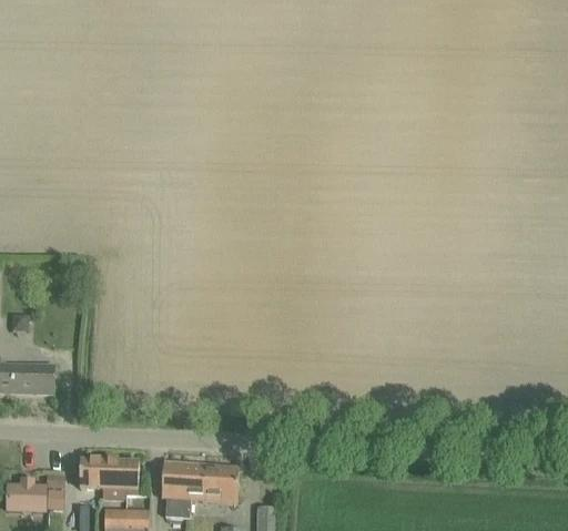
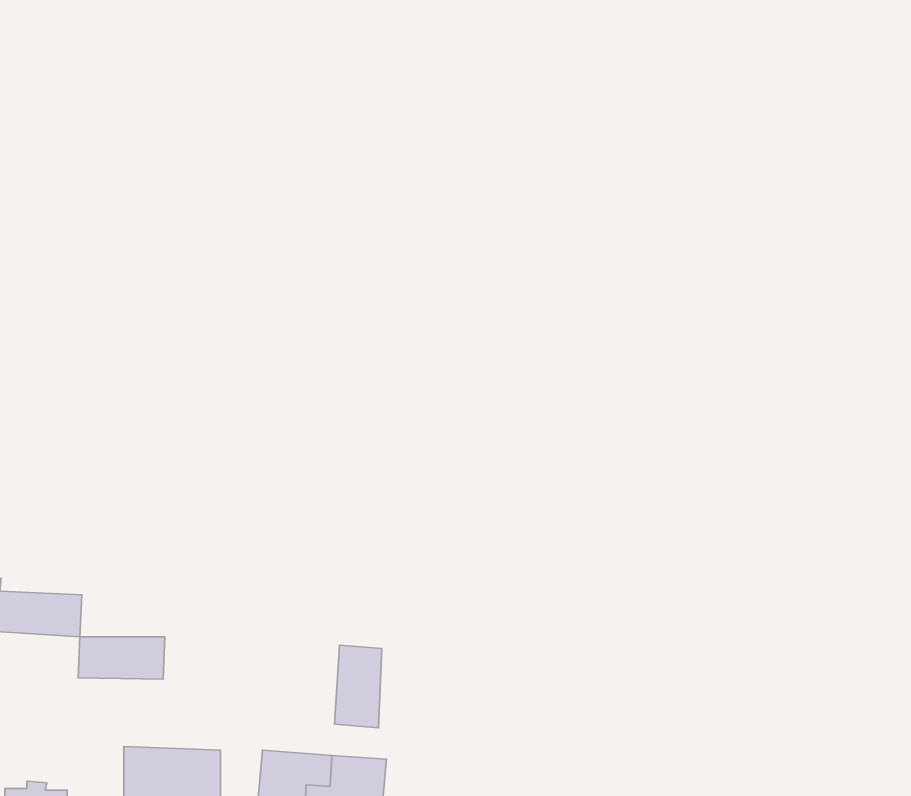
building: none -> [78,637,165,679]
building: none -> [334,645,382,728]

